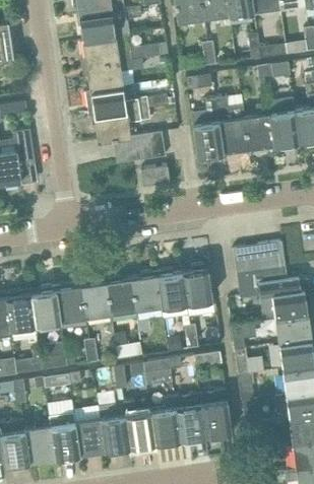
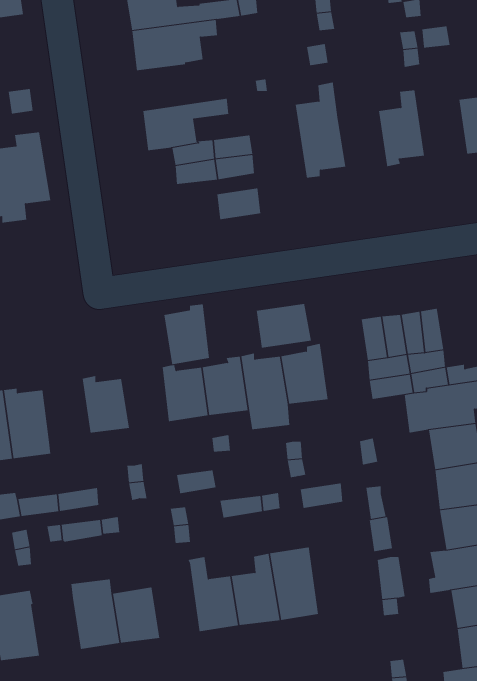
building: [85,88,148,118] -> none
building: [215,97,249,154] -> none
building: [267,99,300,147] -> none
building: none -> [256,303,312,348]
building: [81,280,111,319] -> [163,304,210,365]
building: [32,287,61,326] -> none
building: [200,391,232,436] -> none
building: [99,404,130,452] -> none
building: [24,426,55,463] -> none

